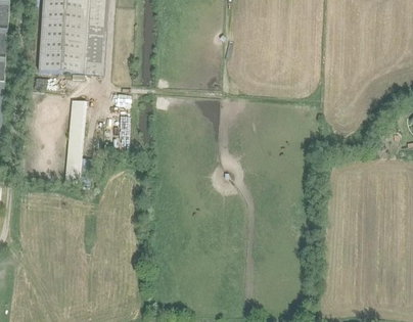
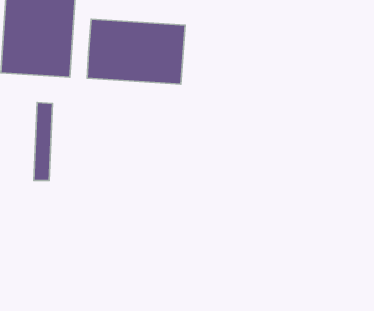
building: none -> [87,19,185,84]

